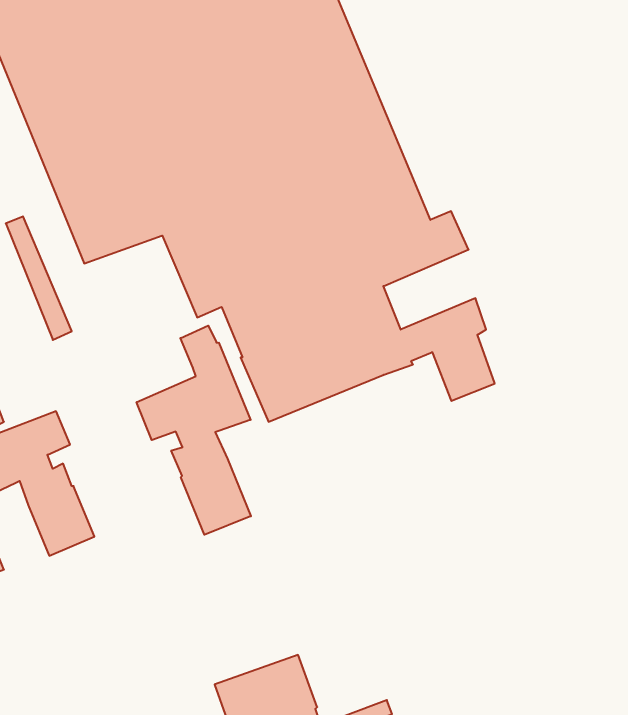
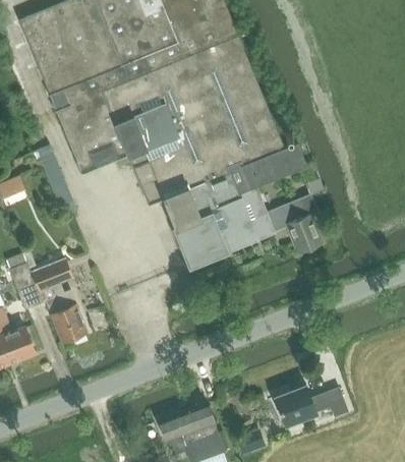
building: [137,326,251,535] -> none
building: none -> [275,386,348,425]

